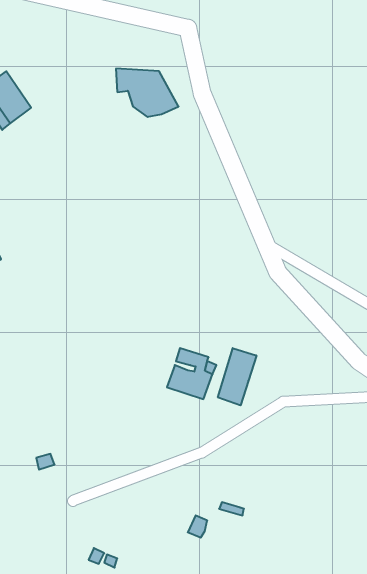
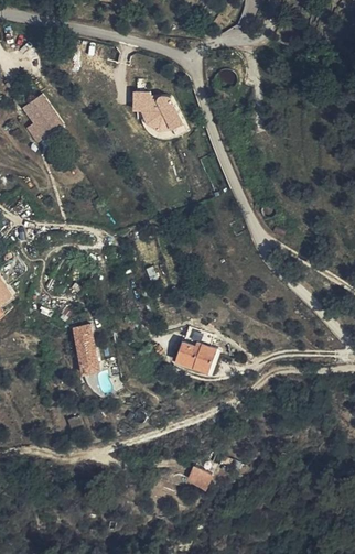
building: none -> [72,325,99,374]
building: [218,348,256,405] -> none

